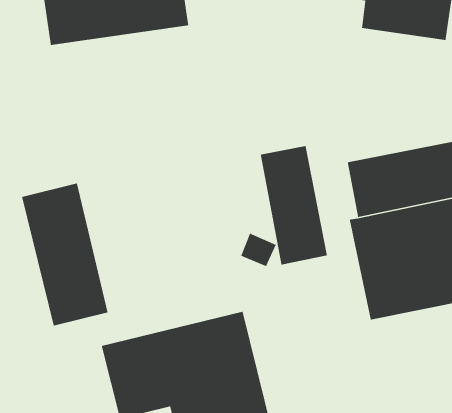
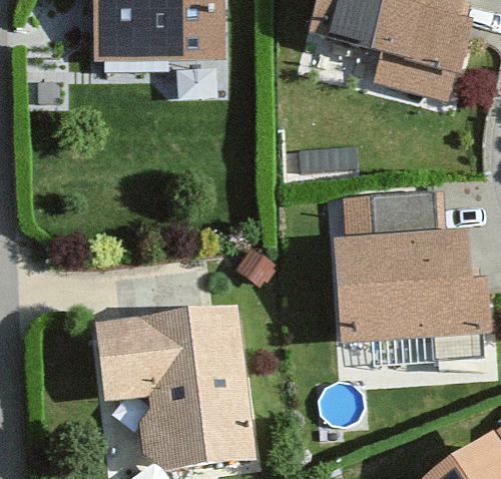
building: [260,145,328,265] -> none
building: [21,182,108,327] -> none

